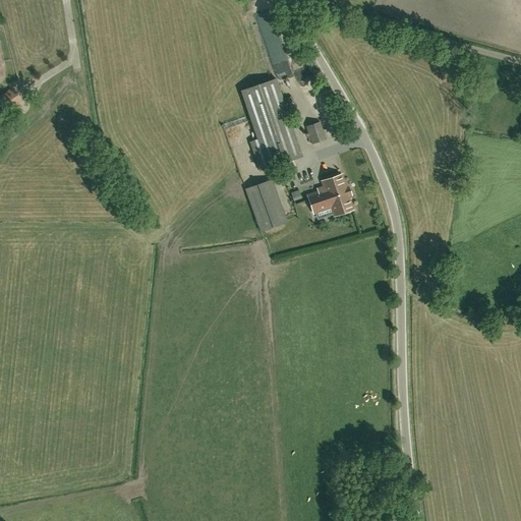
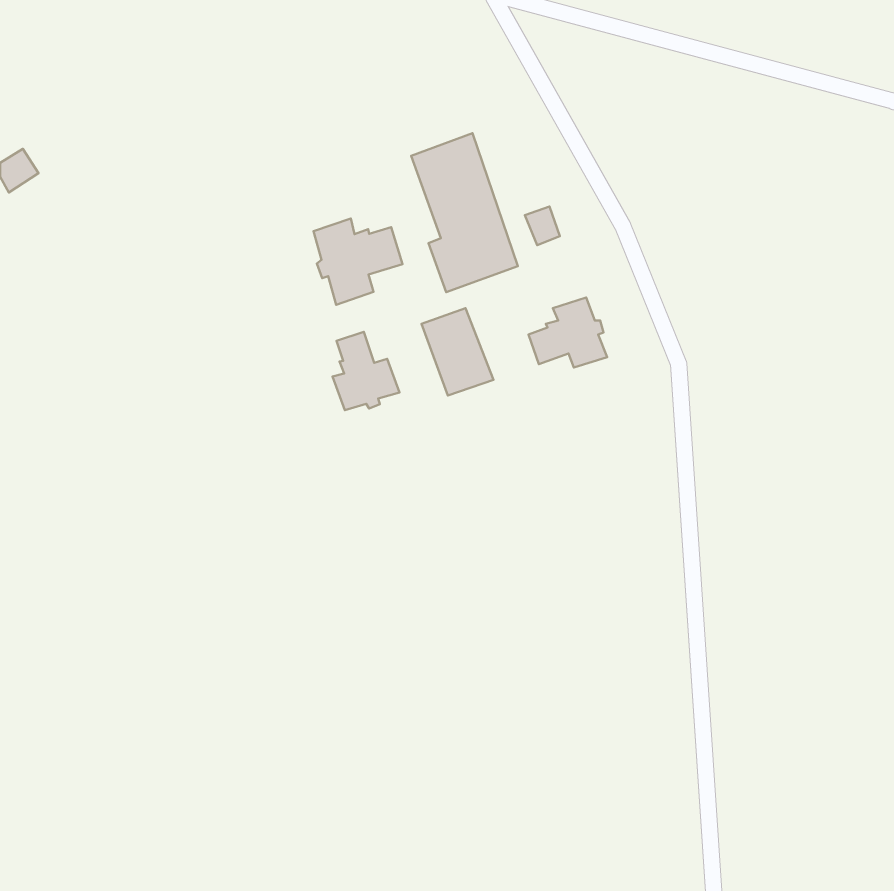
building: none -> [313,218,403,305]
building: none -> [333,332,399,410]

